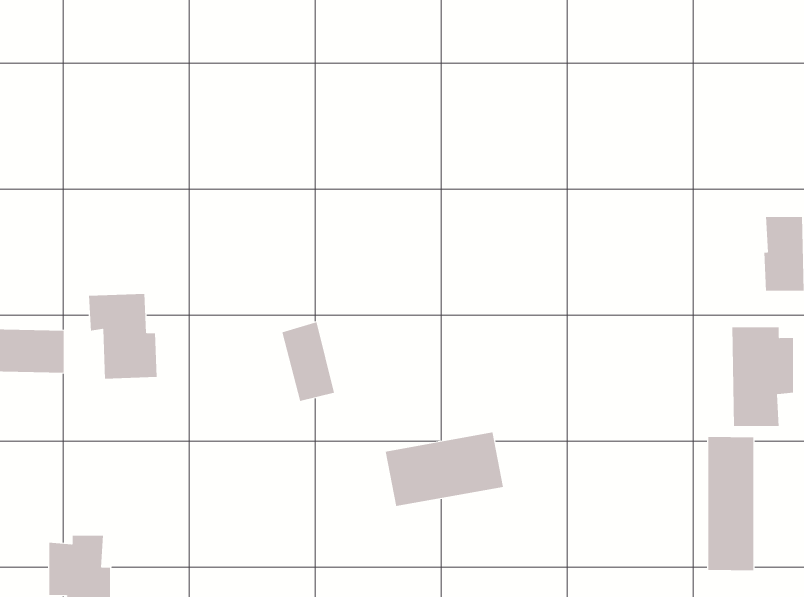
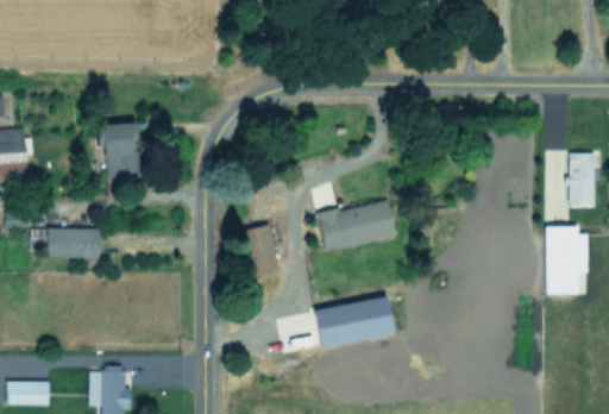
building: none -> [318,200,396,251]
building: [88,294,158,379] -> [96,124,143,181]
building: [708,436,754,571] -> none

